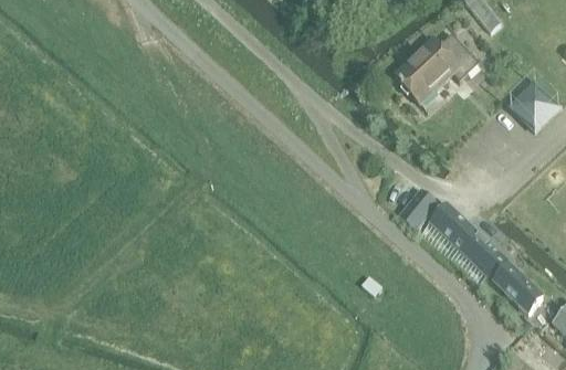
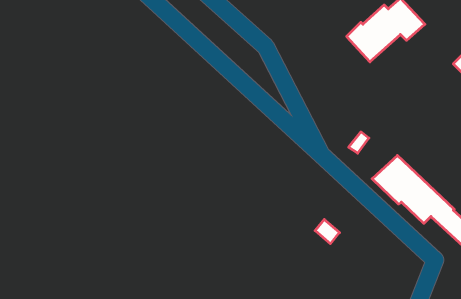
building: [400,188,439,228] -> none

